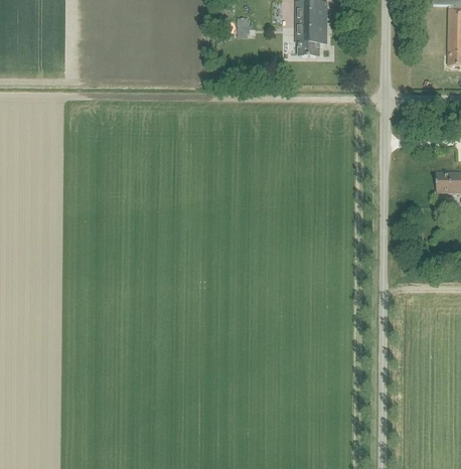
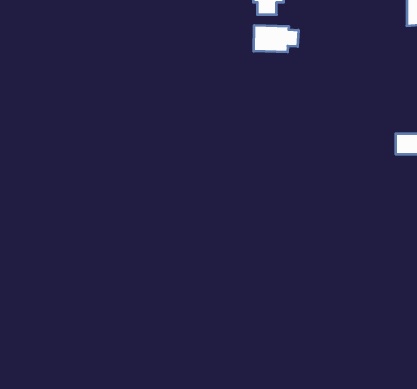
building: none -> [254,25,298,52]

